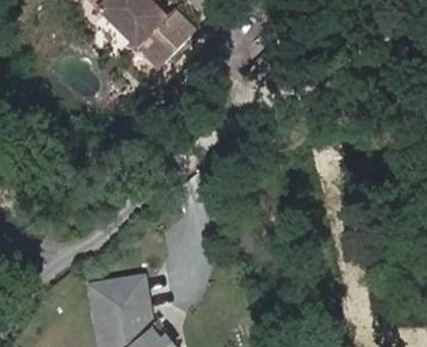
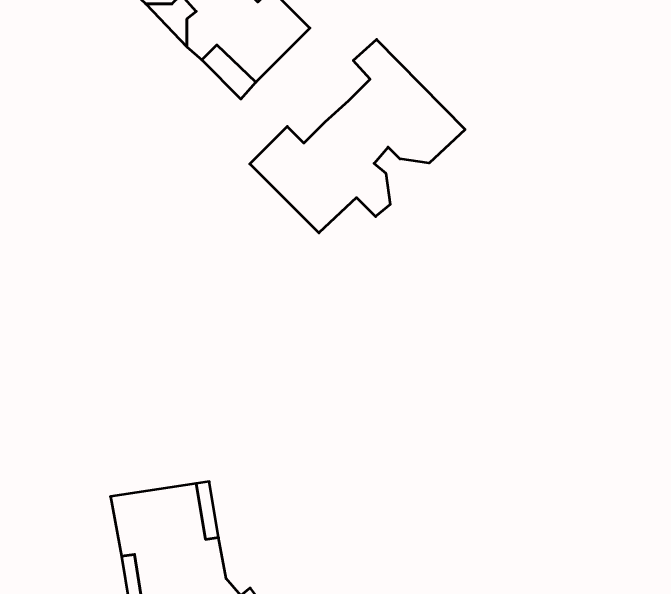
building: none -> [250,39,465,233]

